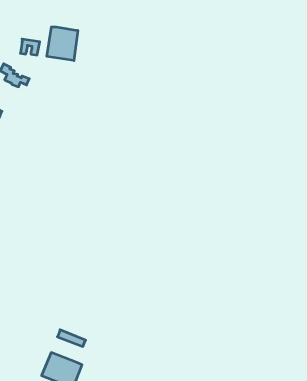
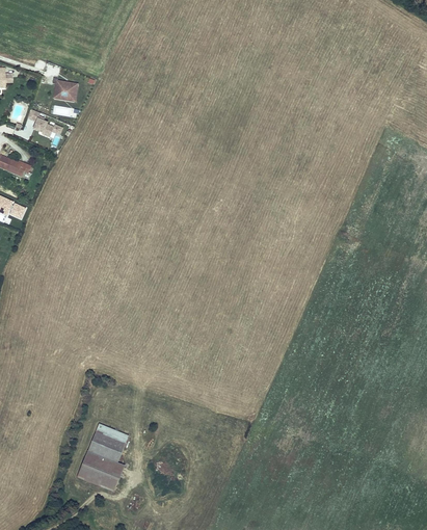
building: [47,27,78,61] -> none
building: none -> [88,431,126,461]

